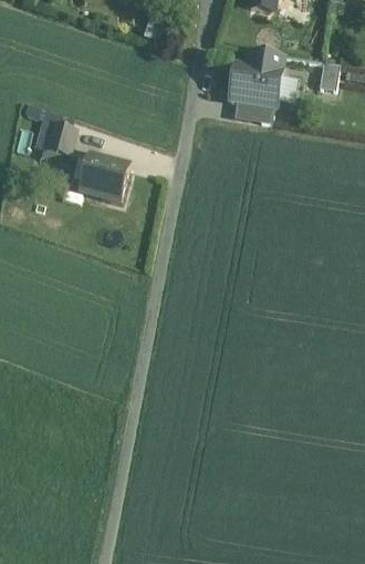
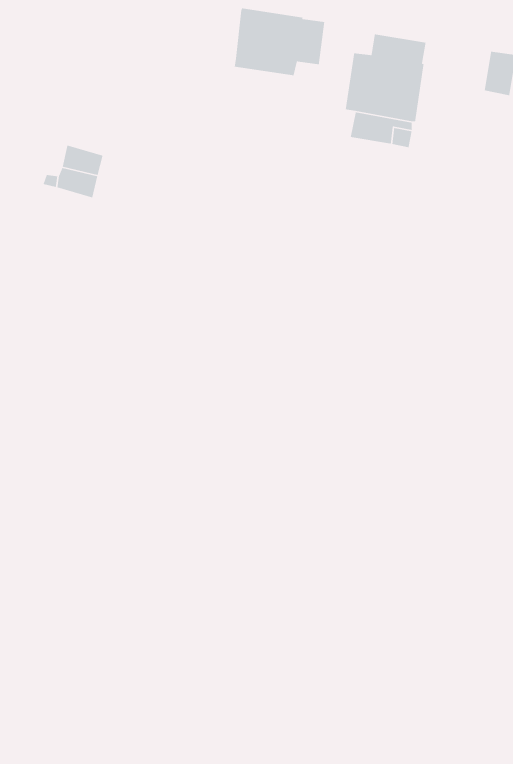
building: none -> [234,8,325,76]
building: [80,153,131,199] -> none

